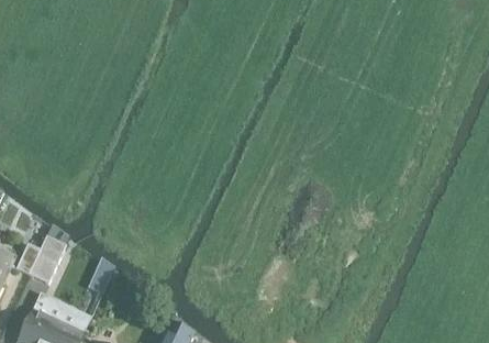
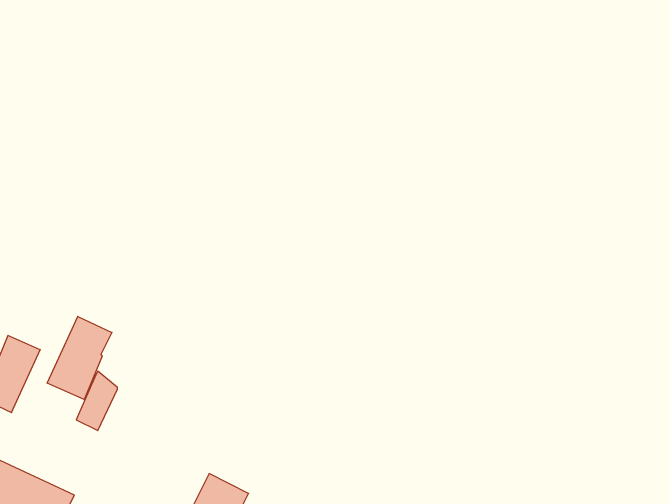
building: none -> [47,316,112,399]

